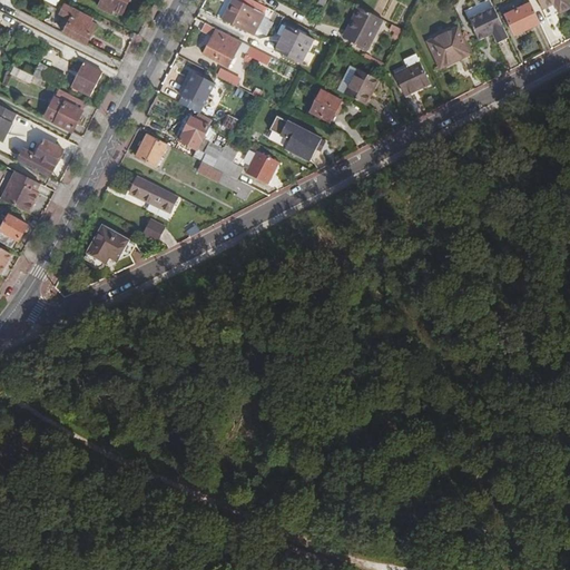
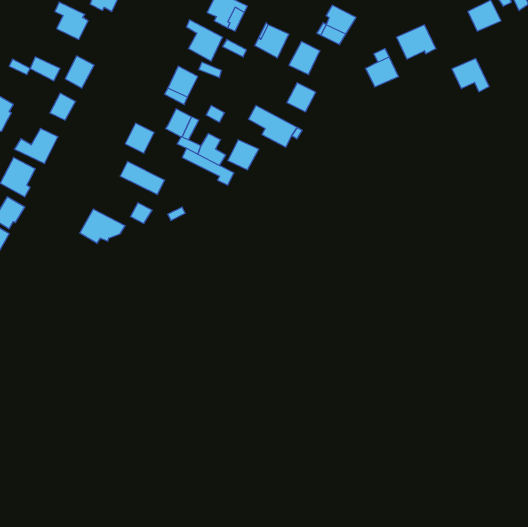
building: [466,6,507,41] -> [452,59,489,92]
building: [343,68,376,104] -> [289,41,320,75]

